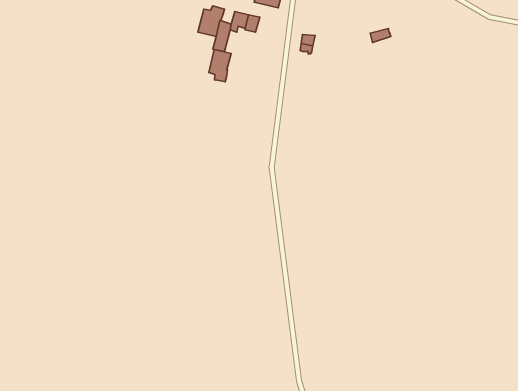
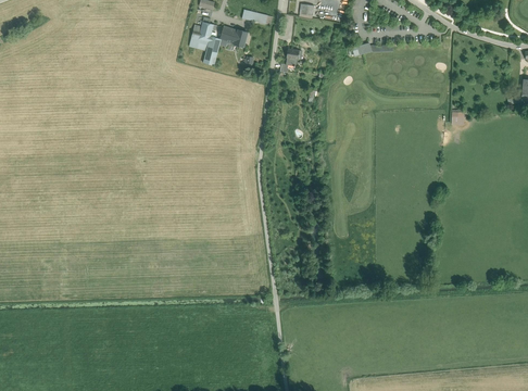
building: [209,50,231,82] -> none

